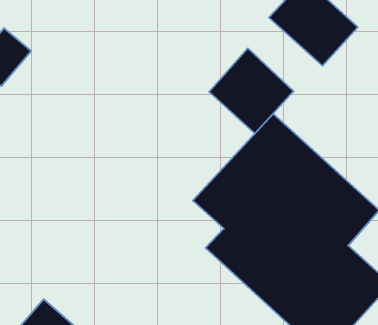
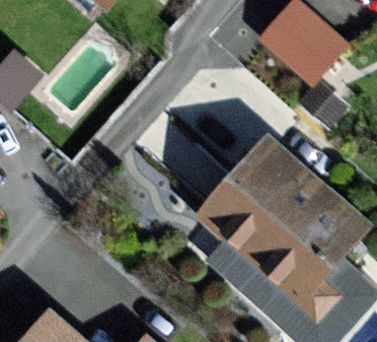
building: [209,48,294,134] -> none

